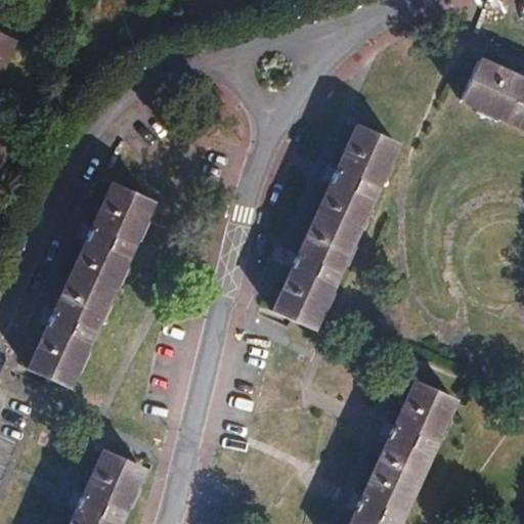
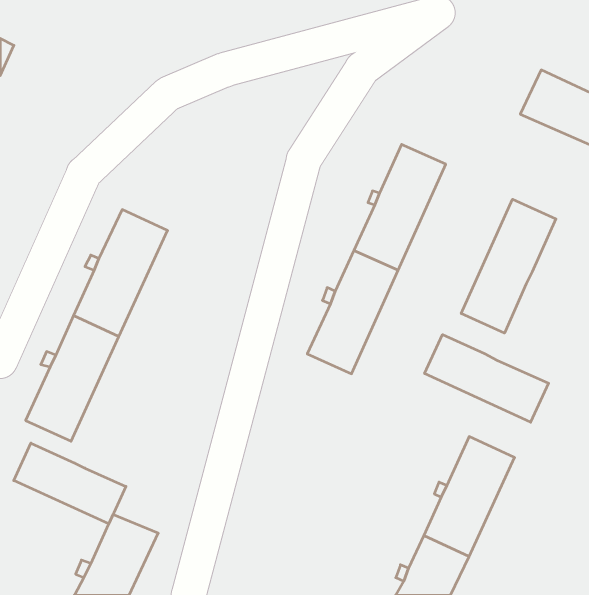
building: none -> [461,199,556,333]
building: none -> [425,335,549,422]
building: none -> [14,443,126,524]

